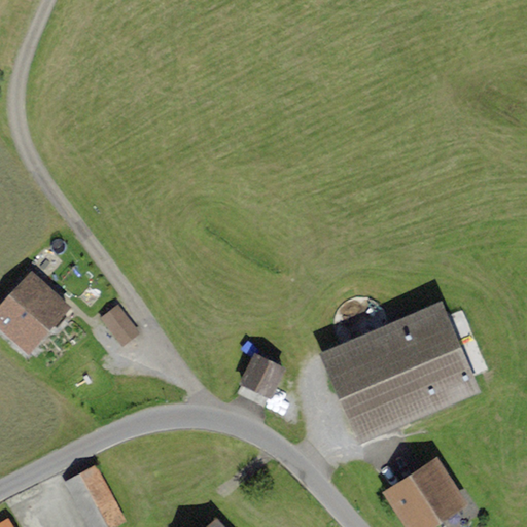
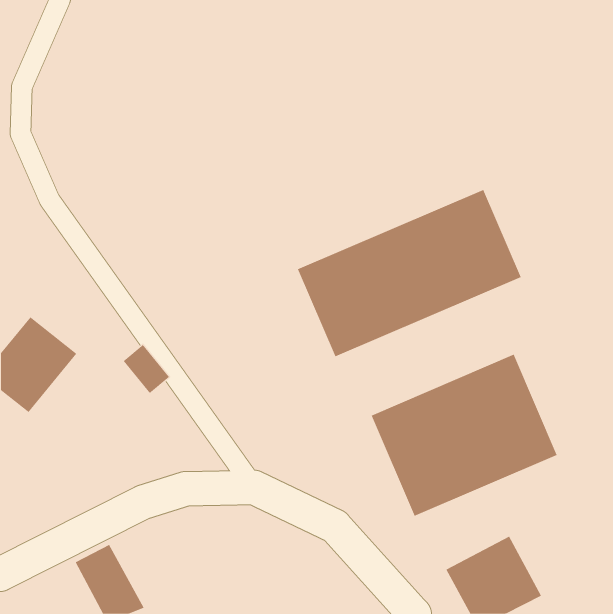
building: none -> [297,189,521,357]
building: [239,351,288,403] -> none

